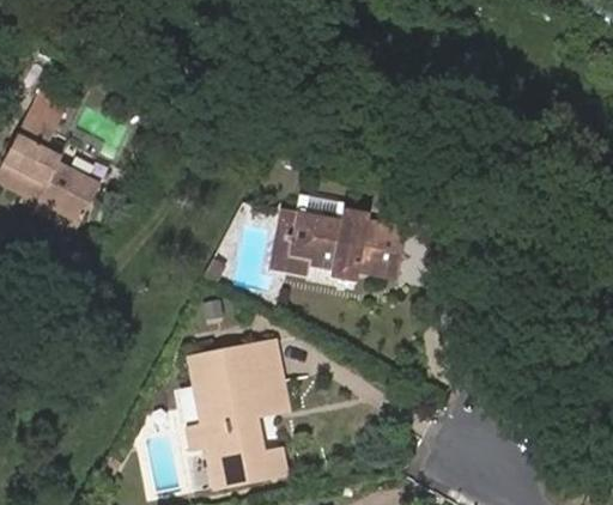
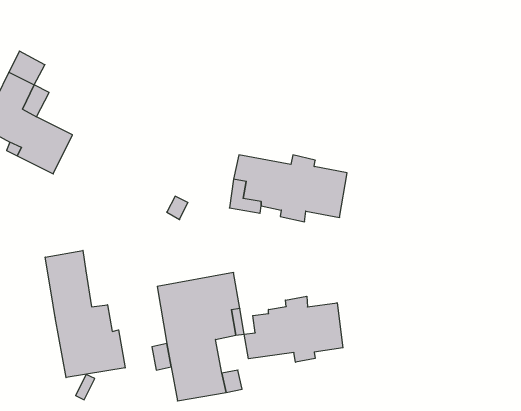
building: none -> [45,250,125,378]
building: none -> [244,296,343,362]

